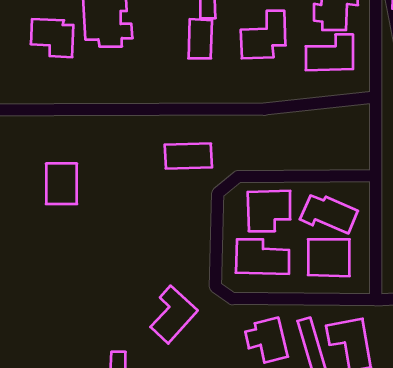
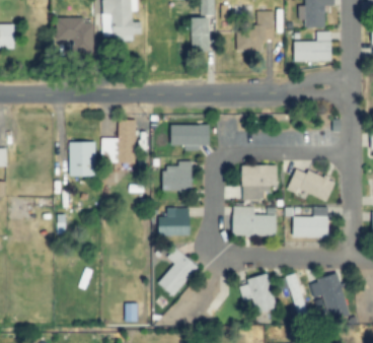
building: none -> [101,121,136,164]
building: none -> [162,161,193,192]
building: none -> [156,208,191,235]

